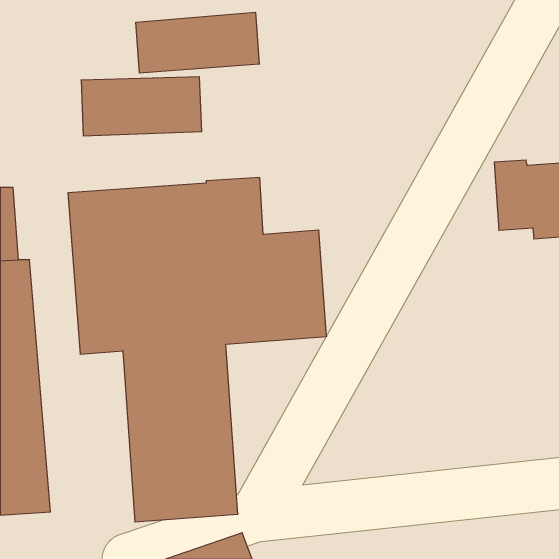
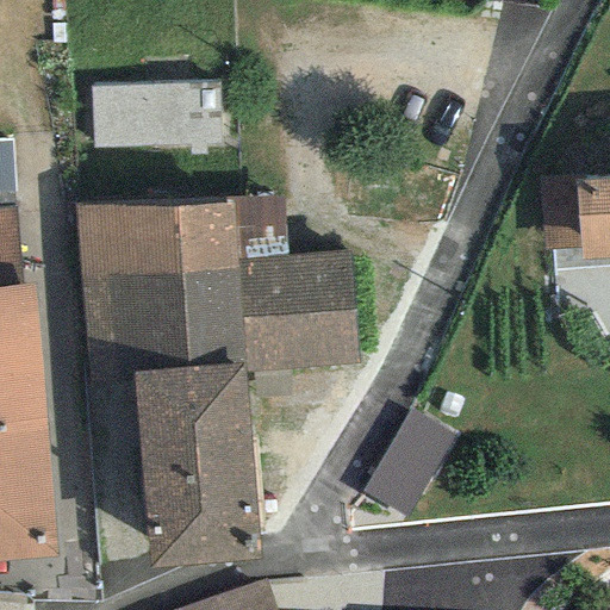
building: [136,12,259,73] -> none
building: none -> [367,407,449,512]

